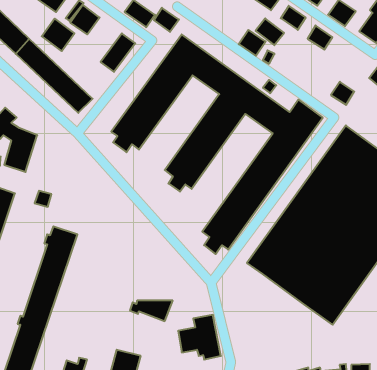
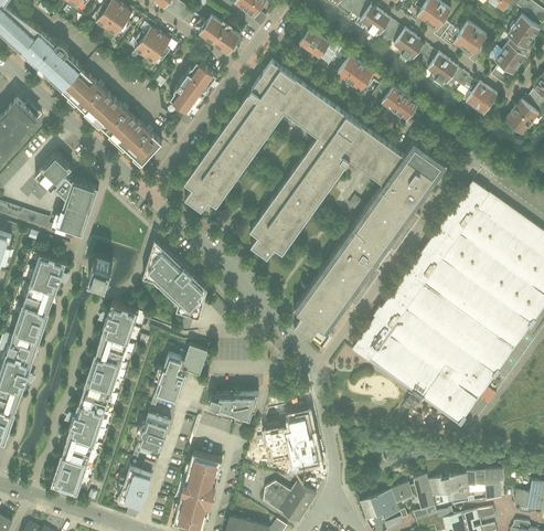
building: [154,8,179,32] -> [300,30,331,60]
building: [256,18,284,45] -> [384,88,419,121]
building: [42,19,74,51] -> none
building: [331,82,354,105] -> [469,83,498,111]
building: none -> [145,245,204,318]
building: none -> [157,346,207,401]
building: none -> [137,416,169,456]

